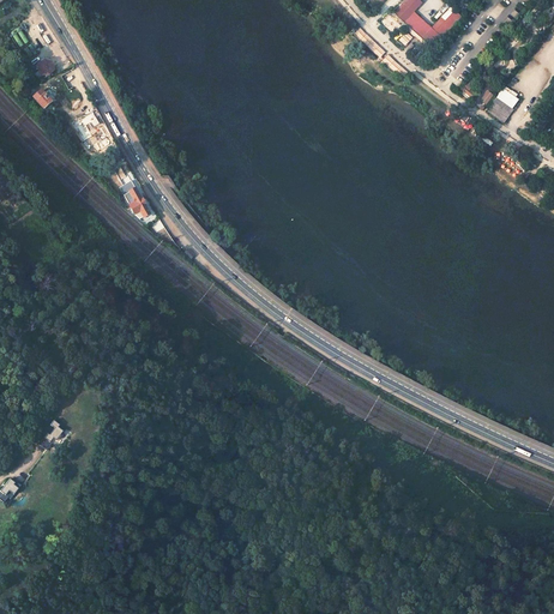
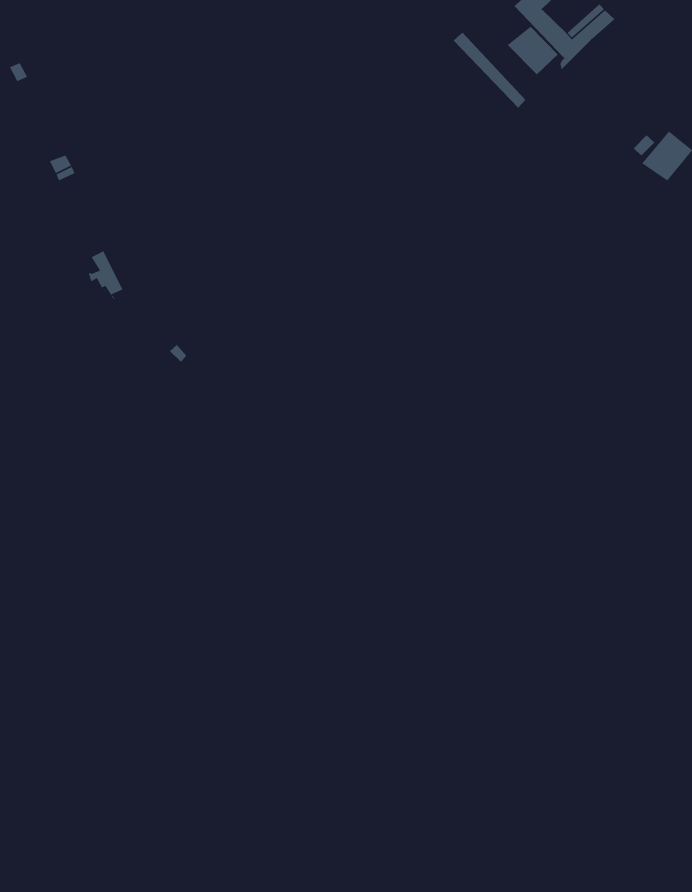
building: none -> [507,26,558,75]

